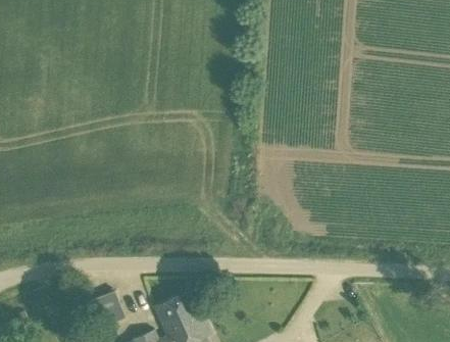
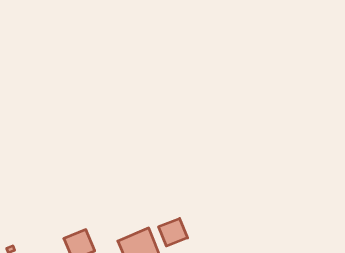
building: none -> [159,218,188,246]

